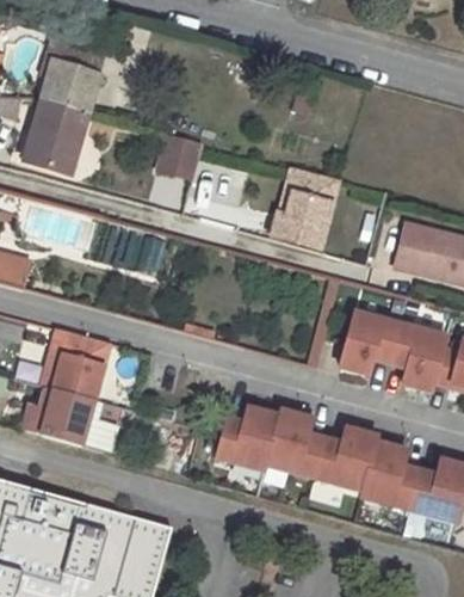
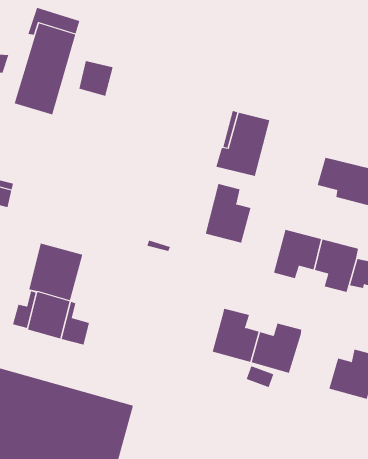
building: [159,135,202,179] -> [78,60,114,97]
building: none -> [205,183,251,244]
building: [216,407,279,469] -> none
building: [360,442,420,509] -> none

